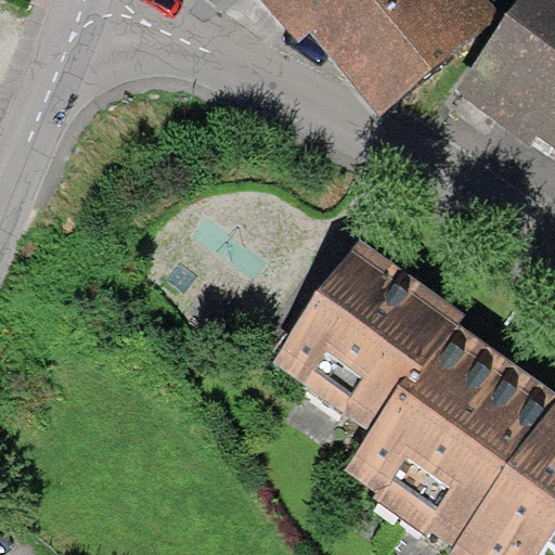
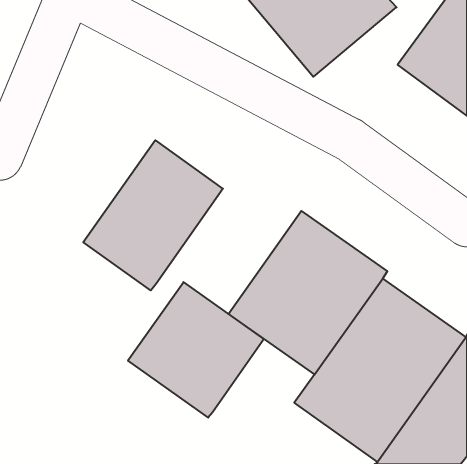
building: none -> [83,140,223,290]
building: none -> [128,282,264,418]

